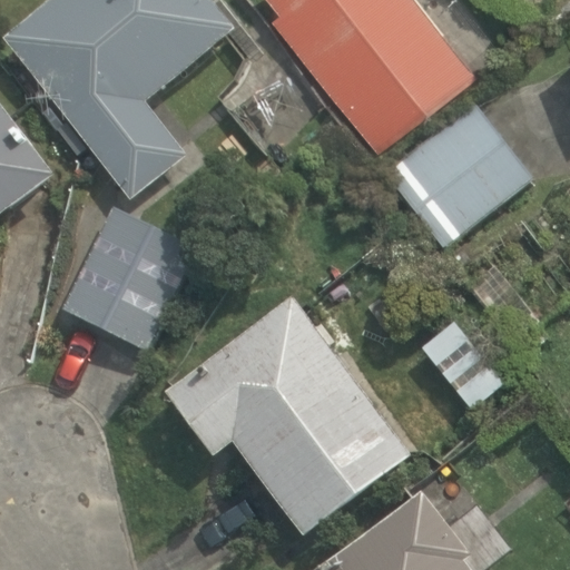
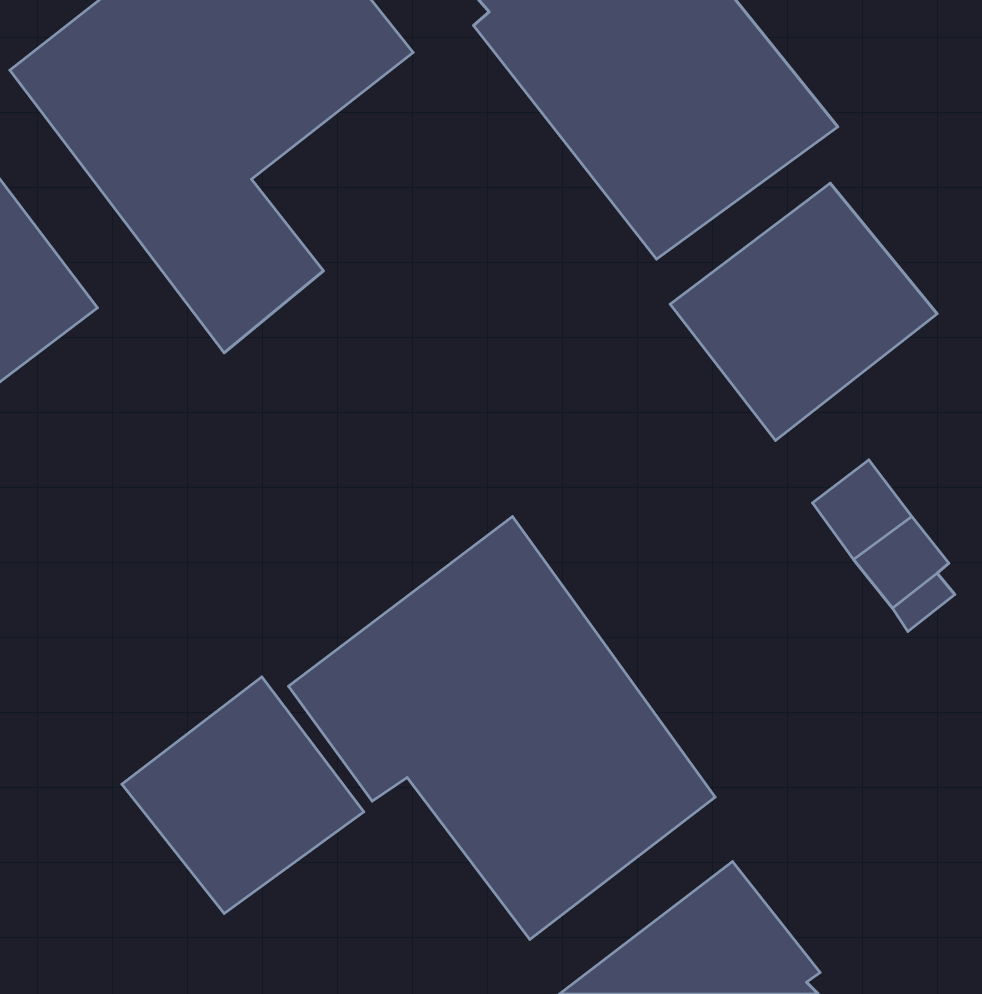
building: [61,207,196,353] -> none
building: none -> [122,677,364,914]

